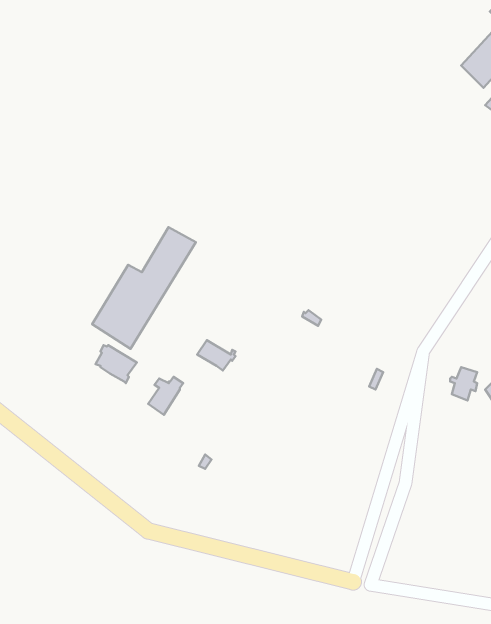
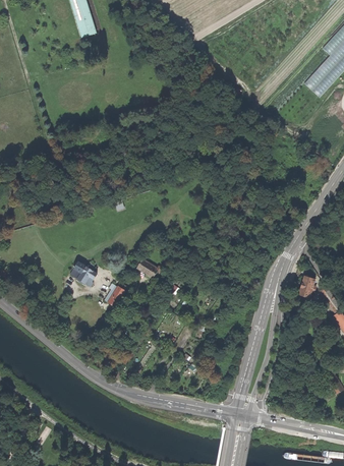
building: [92,227,196,349] -> none

